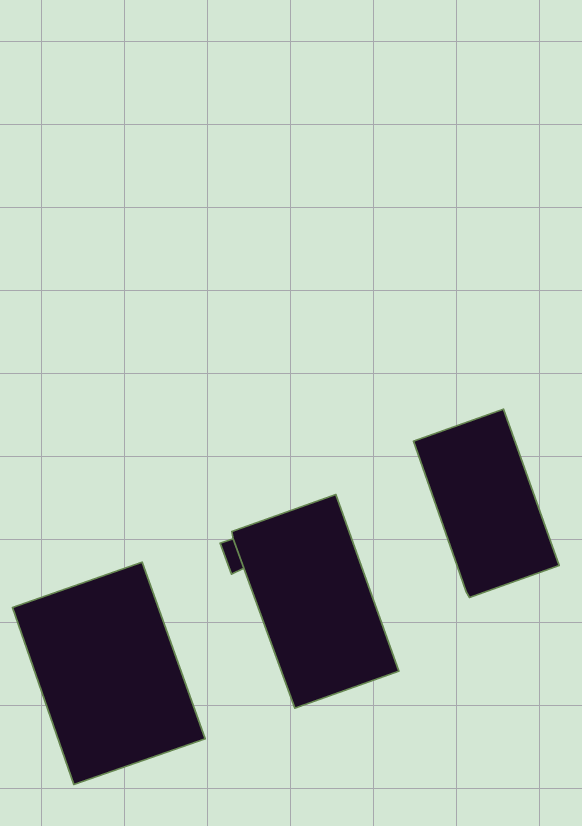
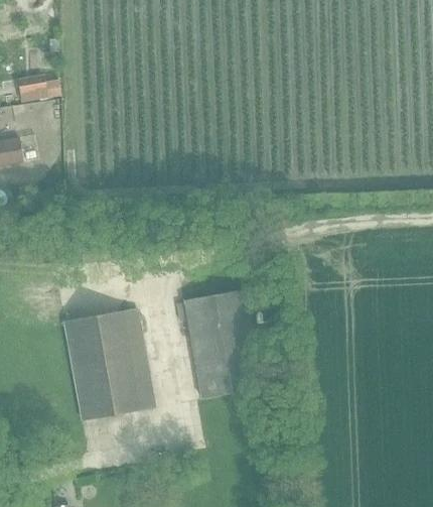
building: [413,409,559,598] -> none

